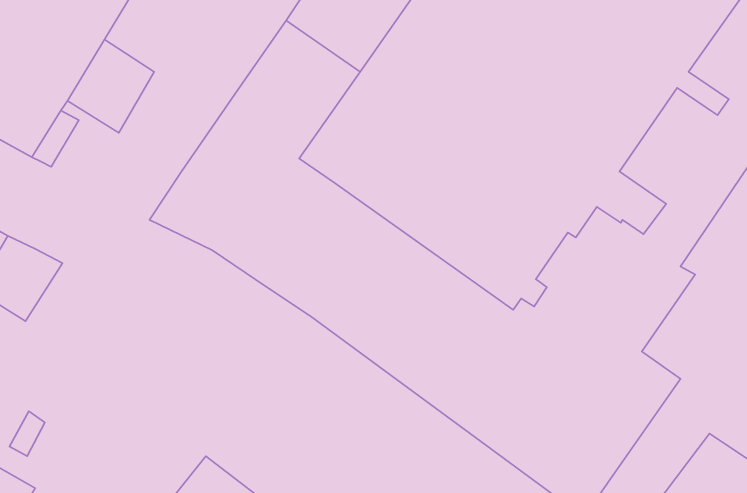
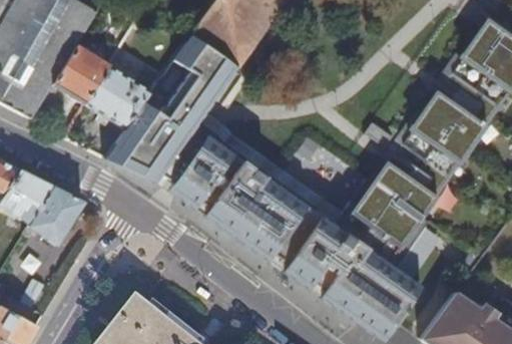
building: none -> [88,67,160,129]
building: none -> [24,187,83,243]

